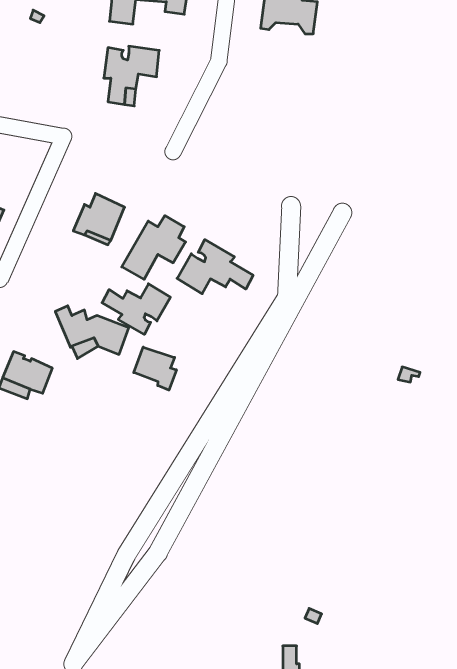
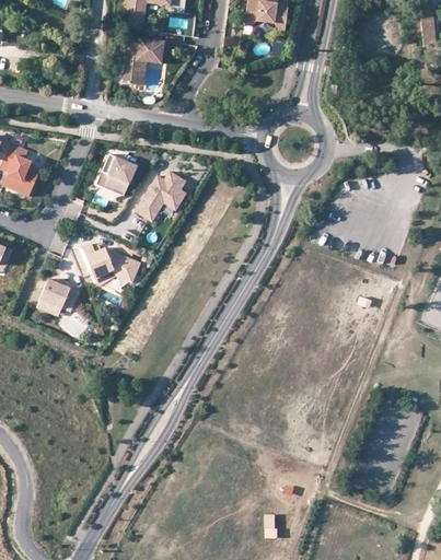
building: [177,240,253,294] -> none
building: [102,284,170,334] -> none
building: [134,347,176,390] -> none

